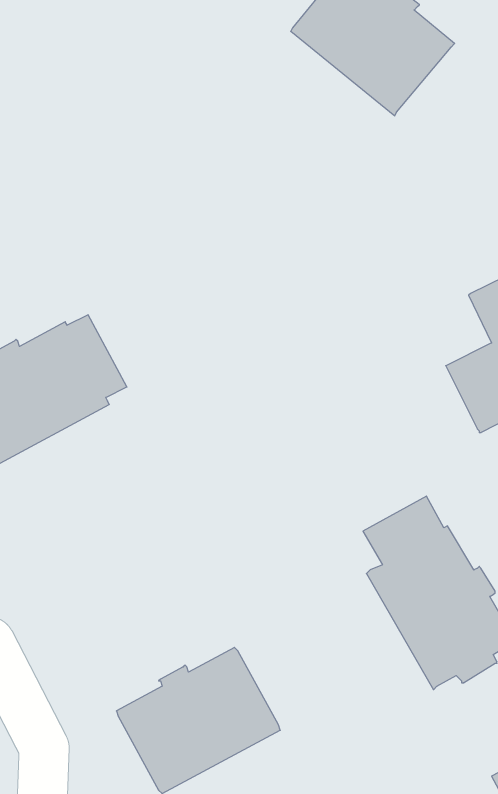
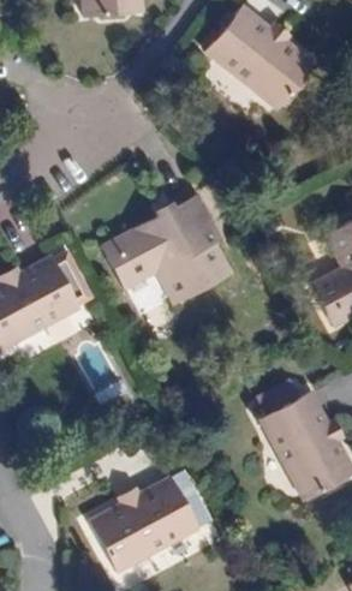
building: none -> [101,193,233,305]

